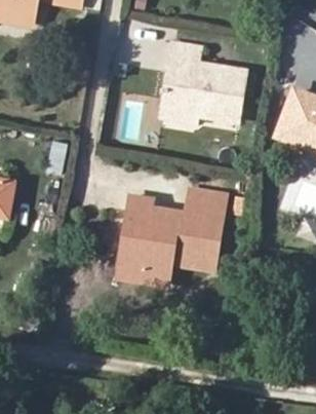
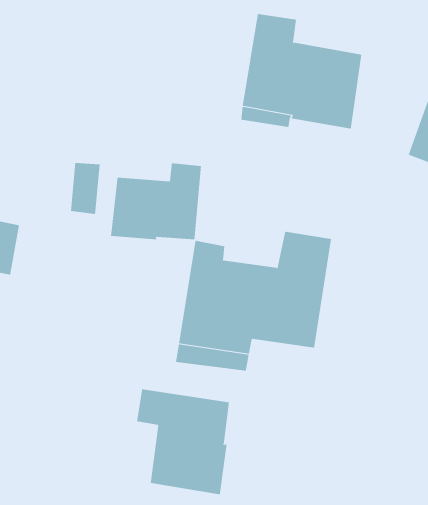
building: none -> [111,163,202,240]
building: none -> [136,389,230,495]

